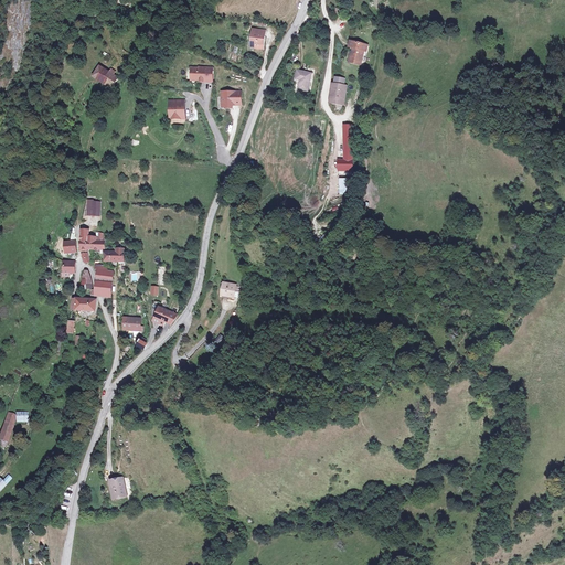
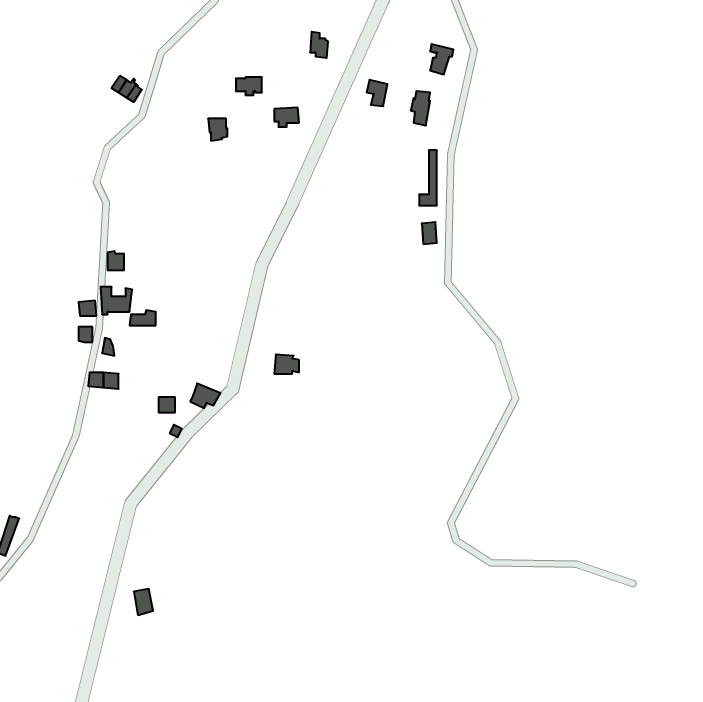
building: [94,268,113,300] -> none

